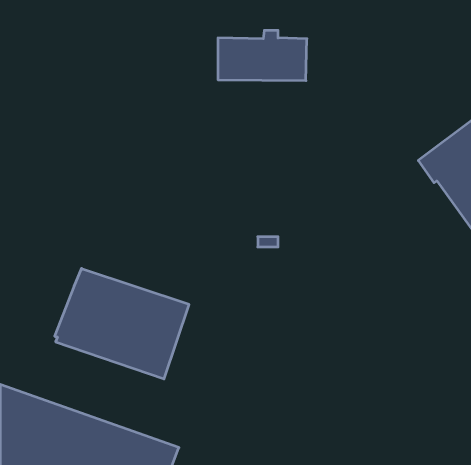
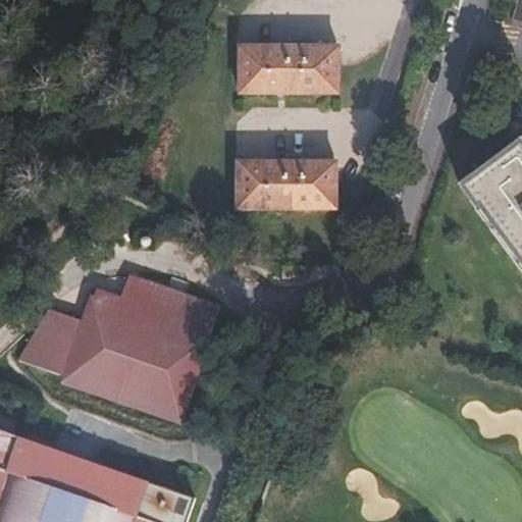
building: none -> [239,155,335,208]
building: none -> [91,275,219,341]
building: none -> [15,309,82,375]

